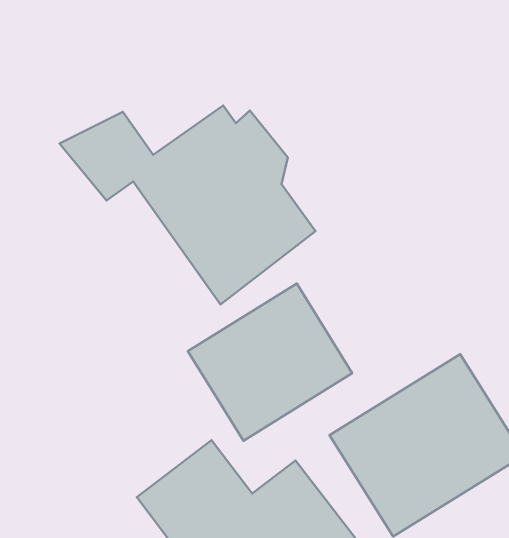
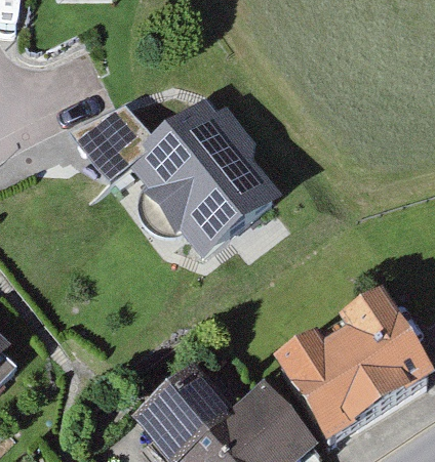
building: [188,284,352,441] -> none

